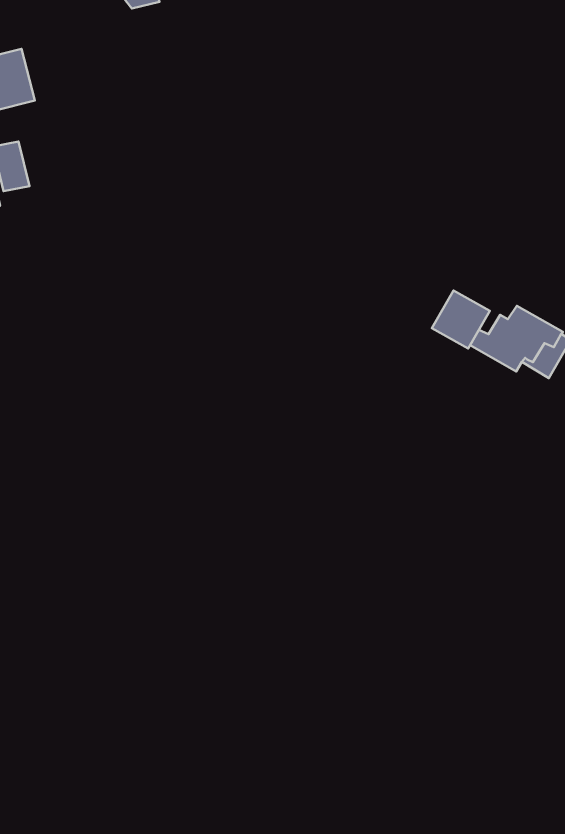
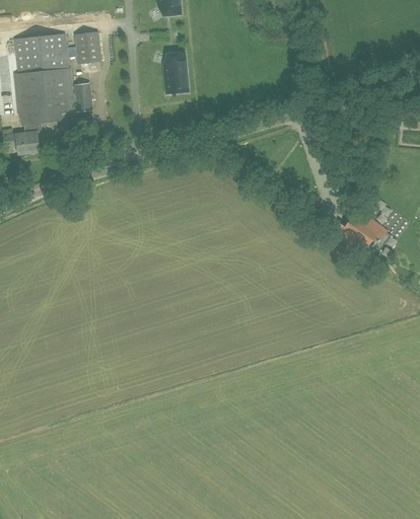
building: none -> [163,51,187,92]
building: [432,290,490,349] -> none

